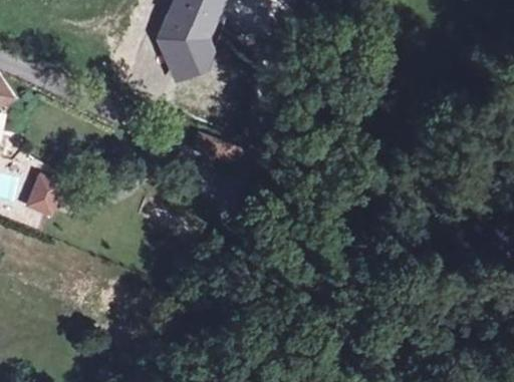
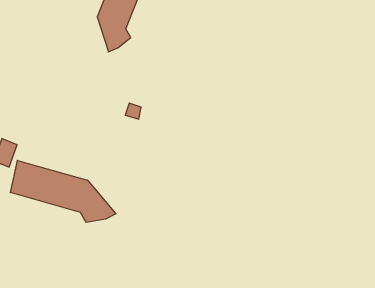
building: none -> [10,160,116,222]

